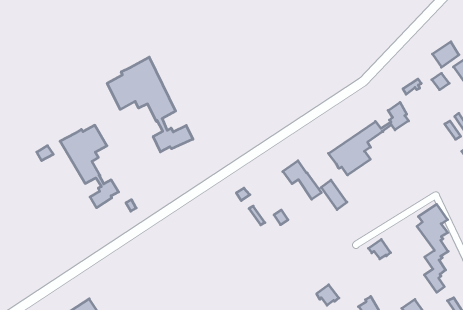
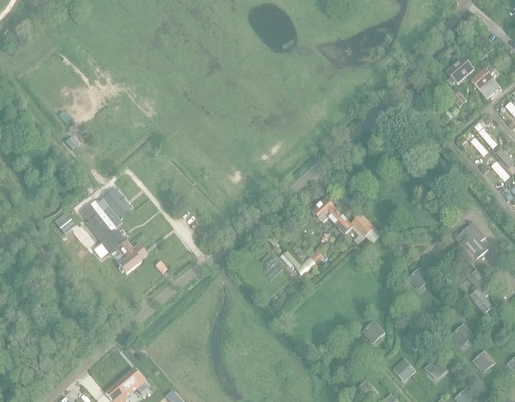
building: [107,57,193,152] -> none
building: [328,102,409,175] -> none

